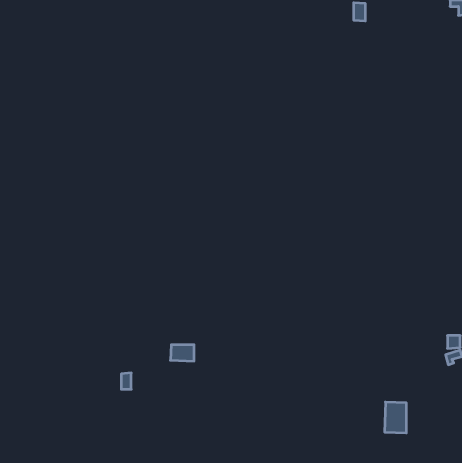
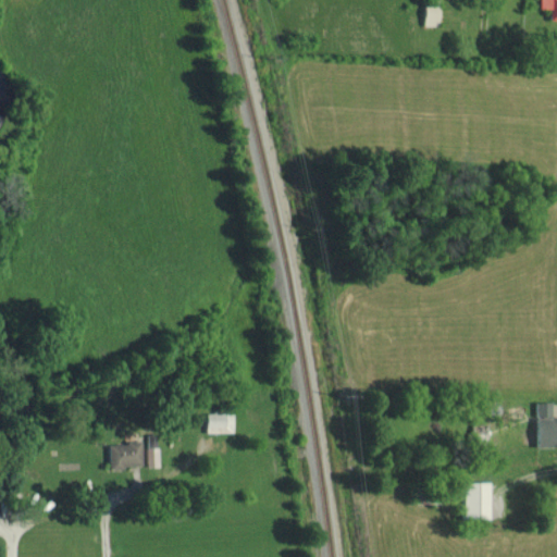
building: none -> [110,444,144,469]

